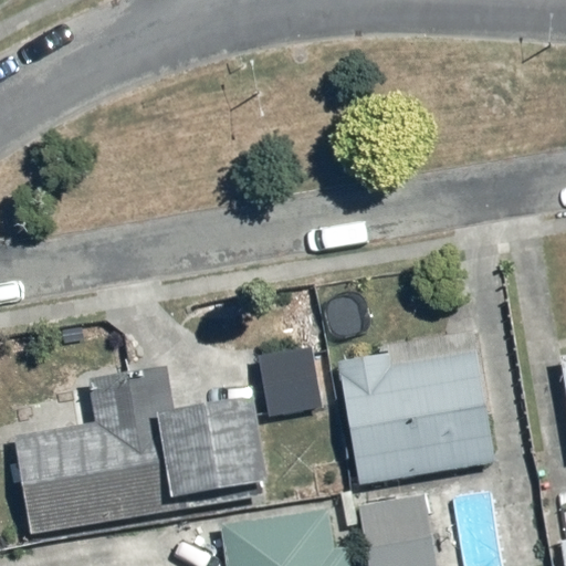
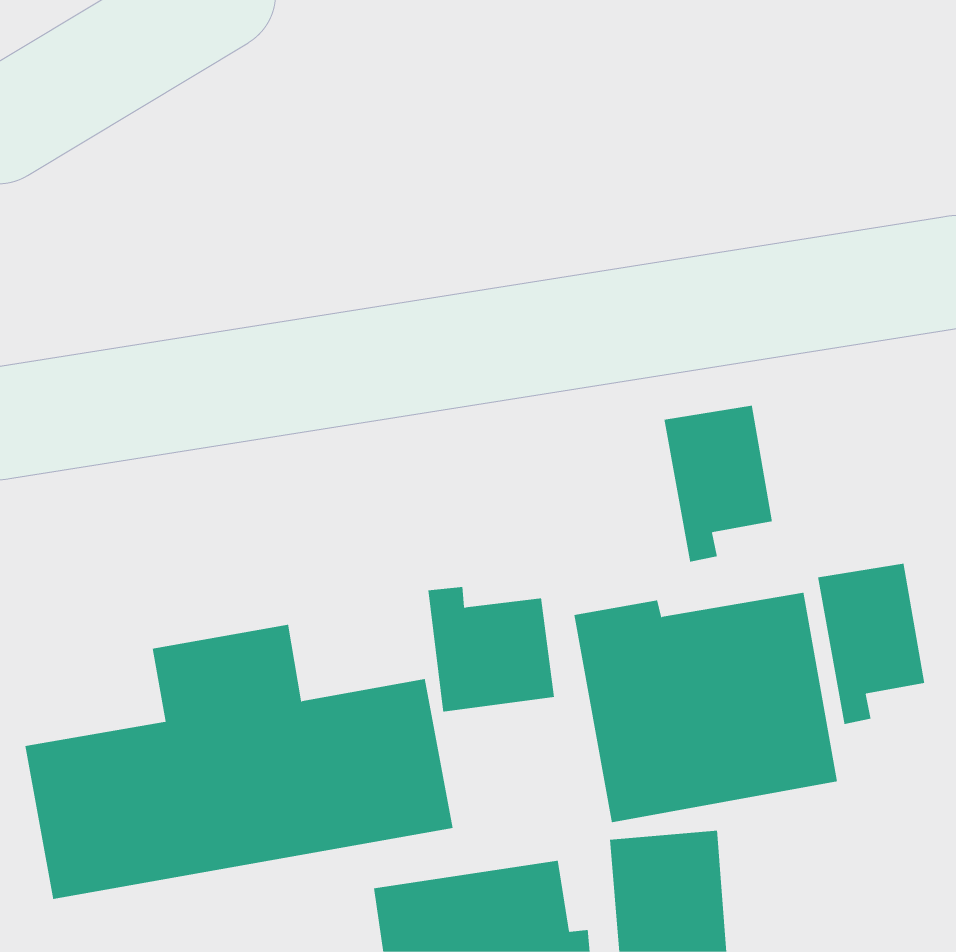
building: none -> [664,405,772,563]
building: none -> [818,563,925,725]

